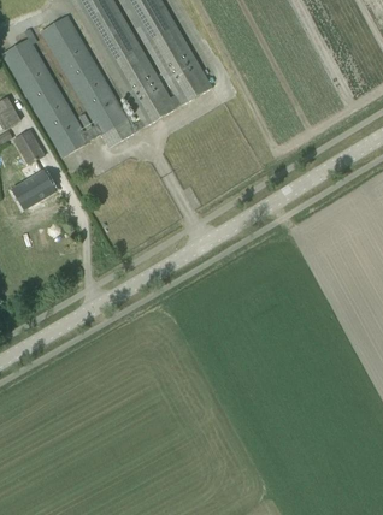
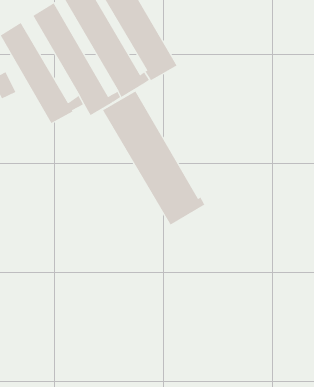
building: none -> [102,90,205,226]
building: [13,129,45,162] -> none
building: [13,171,54,207] -> none

